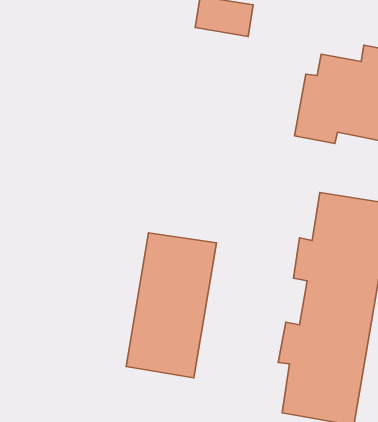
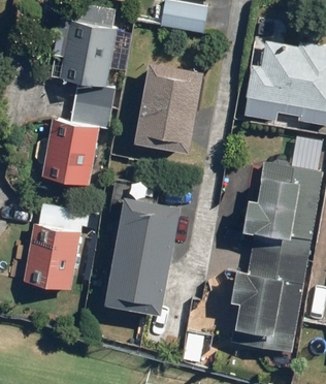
building: none -> [42,21,118,186]
building: none -> [134,62,202,152]
building: none -> [23,221,82,290]

